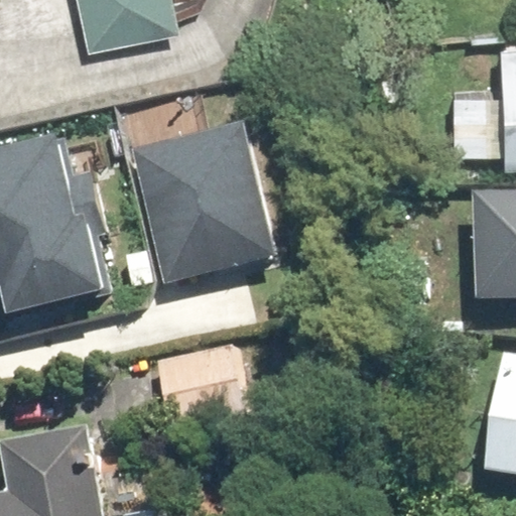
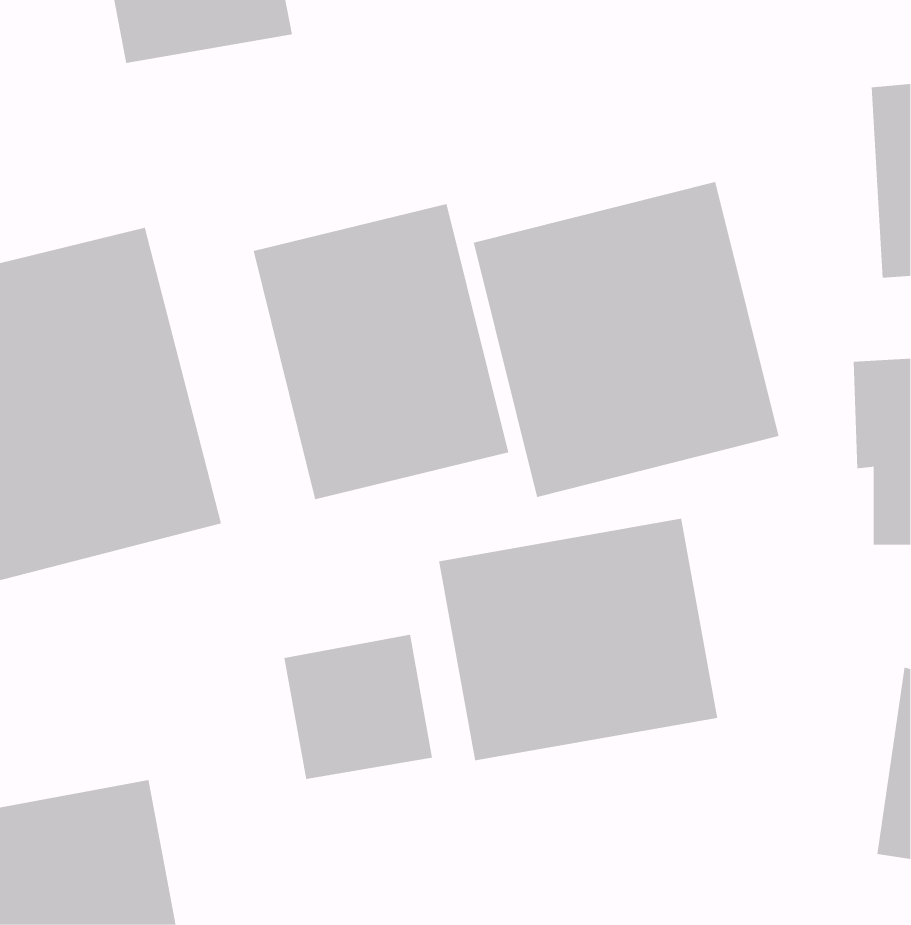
building: none -> [473,181,779,498]
building: none -> [439,518,718,761]

